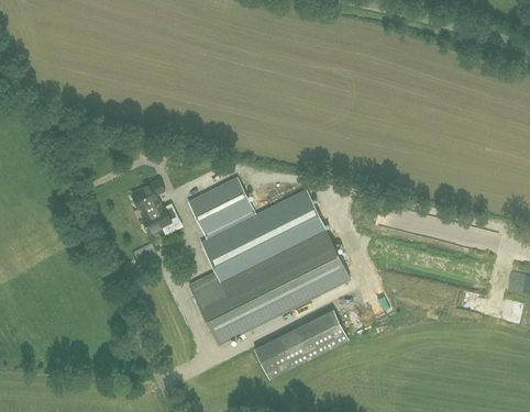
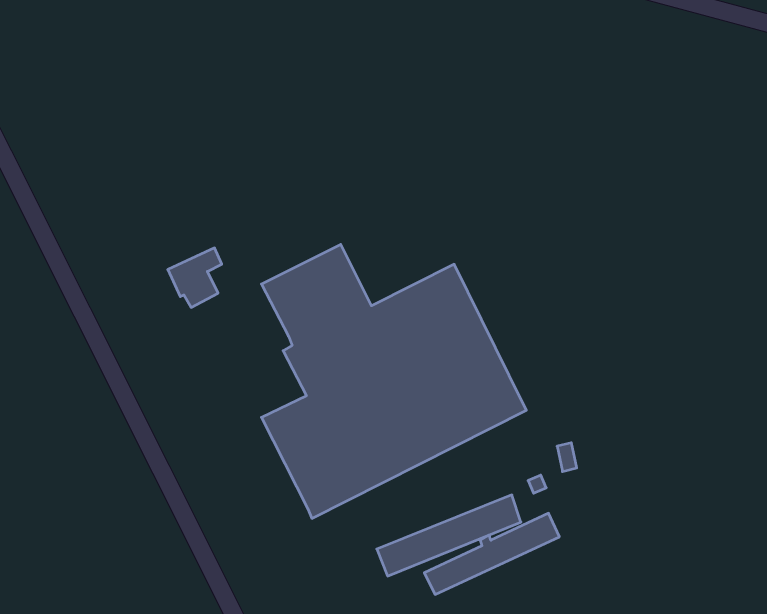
building: [142,202,175,232] -> none
building: [255,313,338,363] -> [424,513,559,594]

